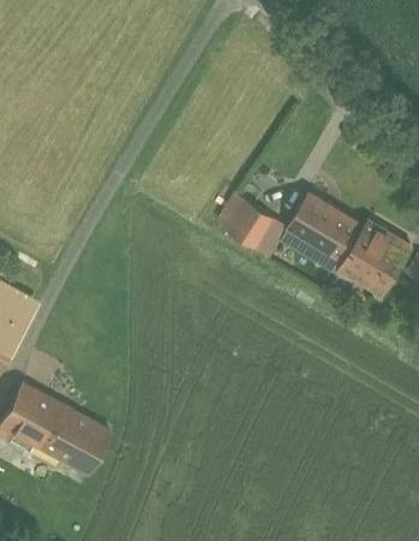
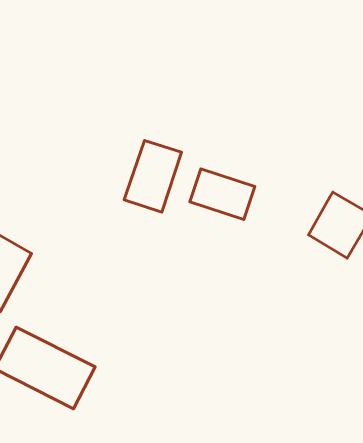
building: none -> [124,141,181,212]
building: [286,202,360,268] -> none

